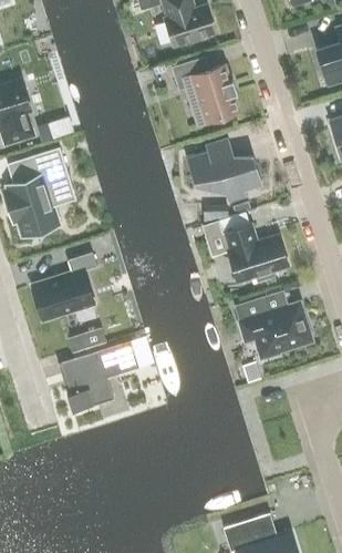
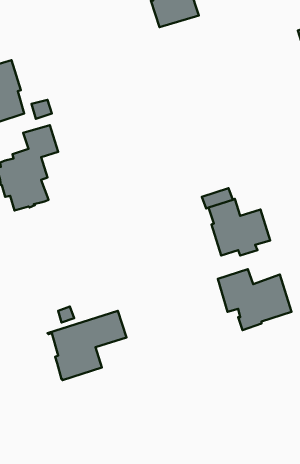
building: [172,57,239,123] -> none
building: [186,137,262,203] -> none
building: [32,253,96,320] -> none

